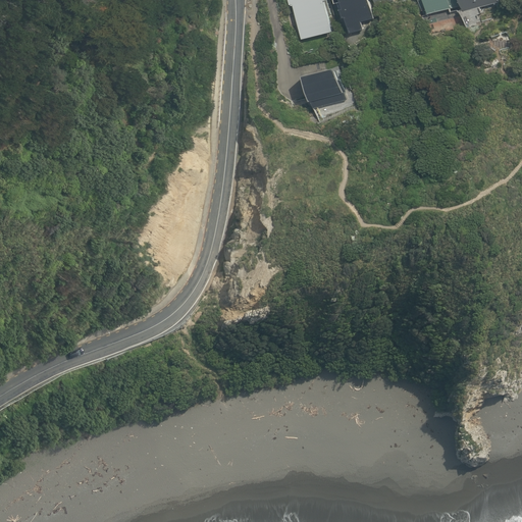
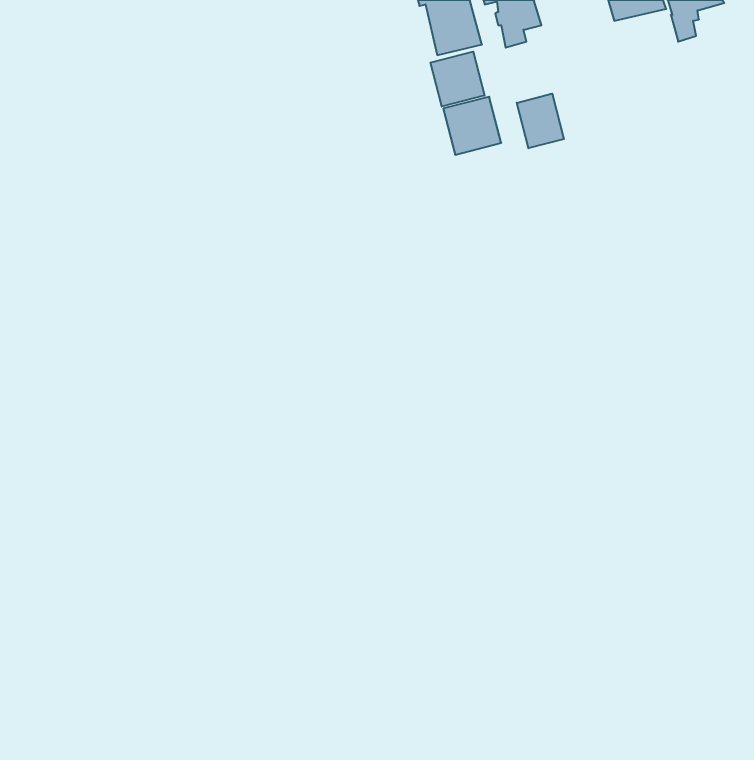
building: none -> [430,52,485,107]
building: none -> [517,94,564,148]

